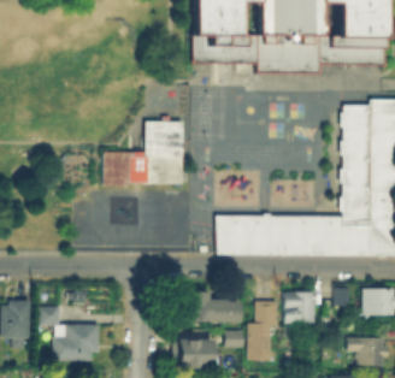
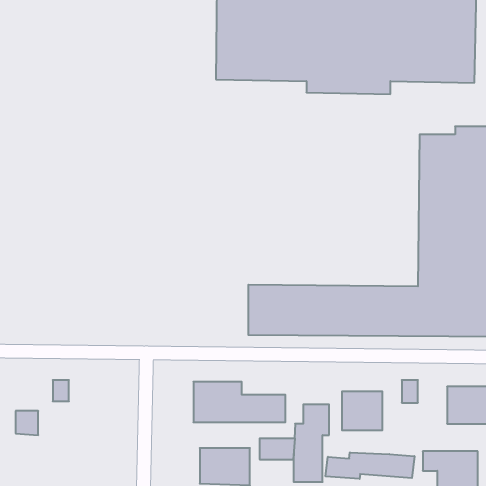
building: [104,123,182,188] -> none
building: [52,321,99,359] -> none
building: none -> [326,452,414,479]

